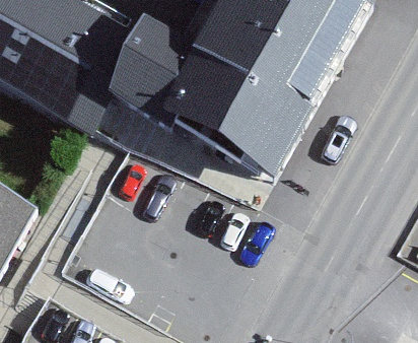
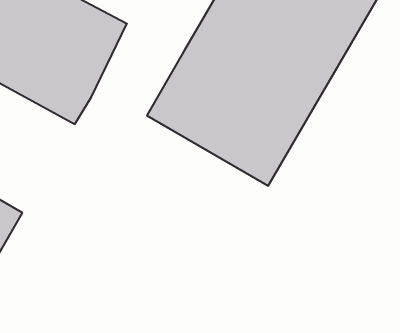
building: [100,24,190,121] -> none

